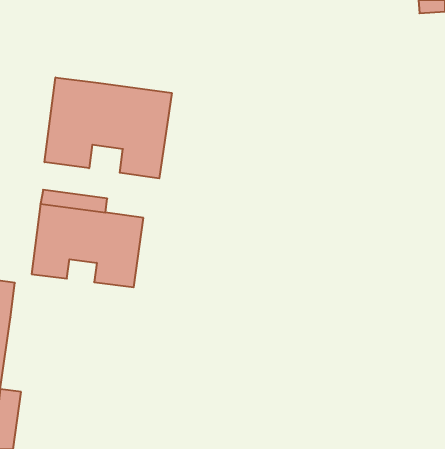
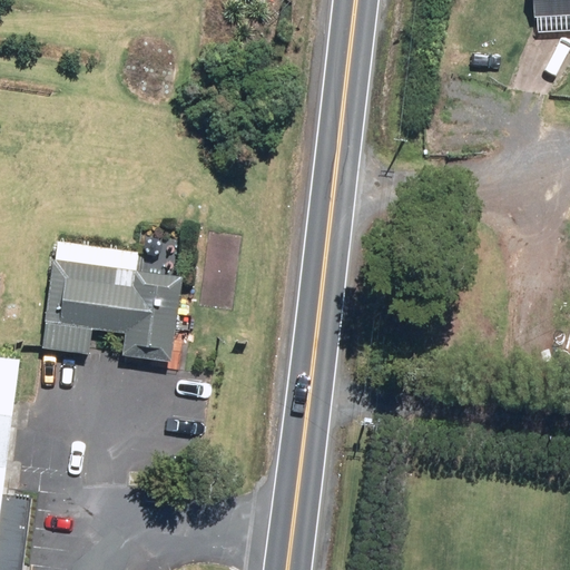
building: [45,77,172,178] -> none

